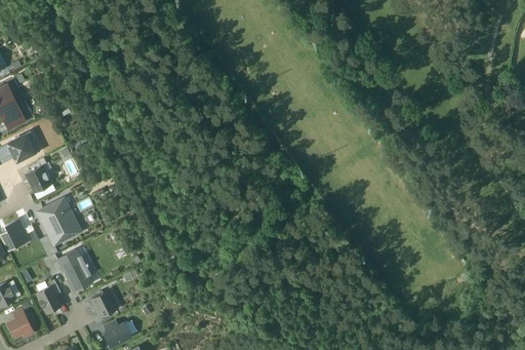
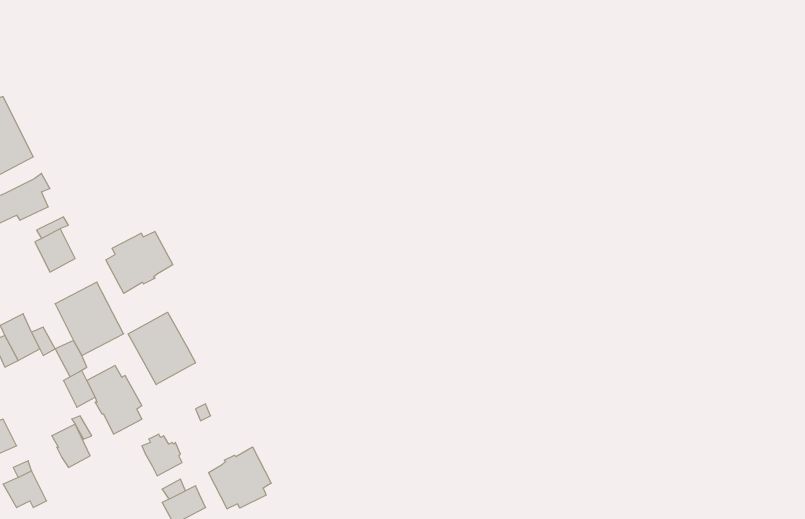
building: none -> [106,231,173,293]
building: none -> [128,312,196,385]
building: none -> [209,447,271,509]

